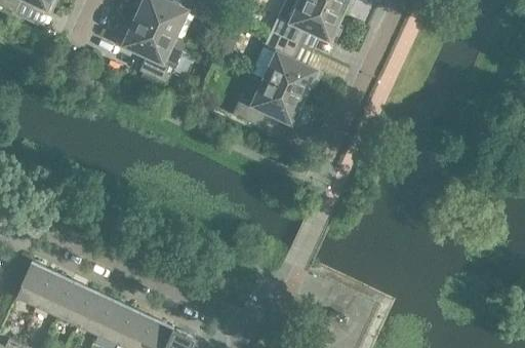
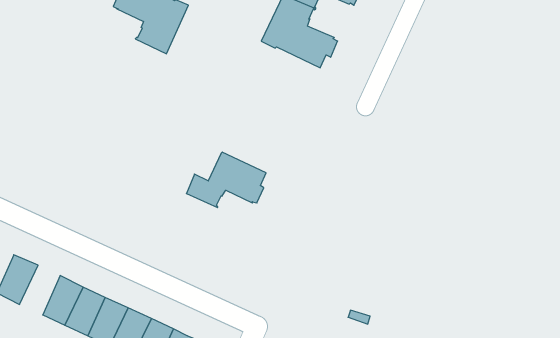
building: [233,78,304,127] -> [186,152,266,208]
building: [37,272,73,316] -> none

